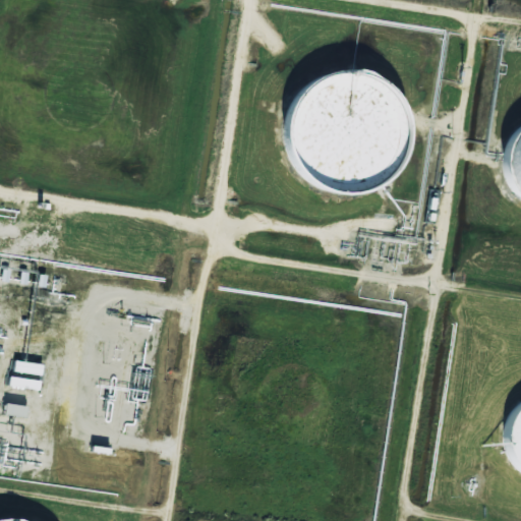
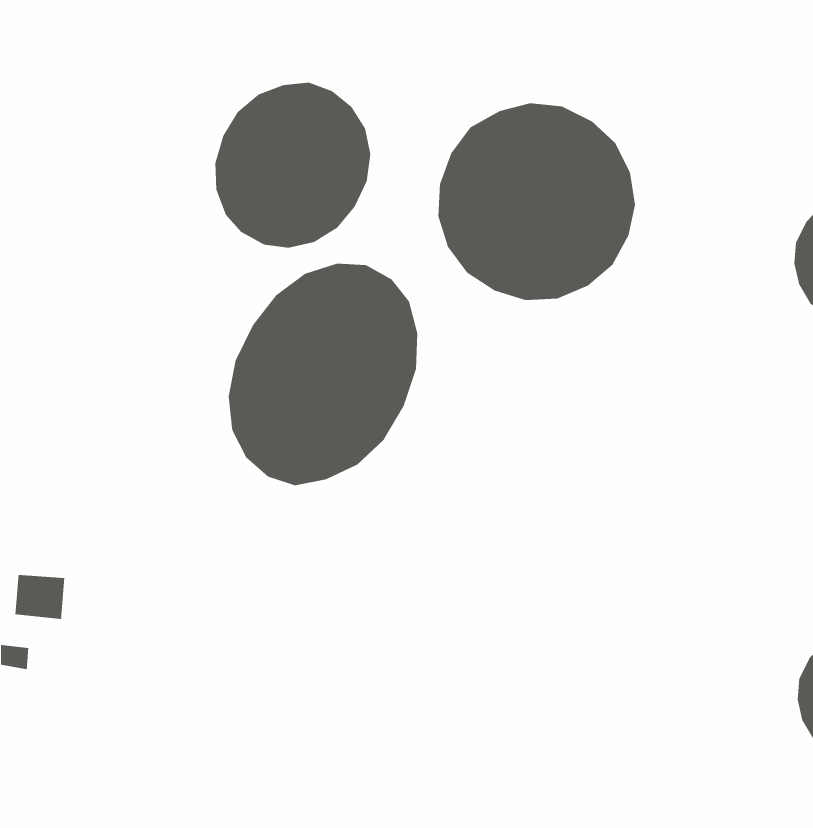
building: none -> [214,82,371,248]
building: none -> [228,263,418,486]

